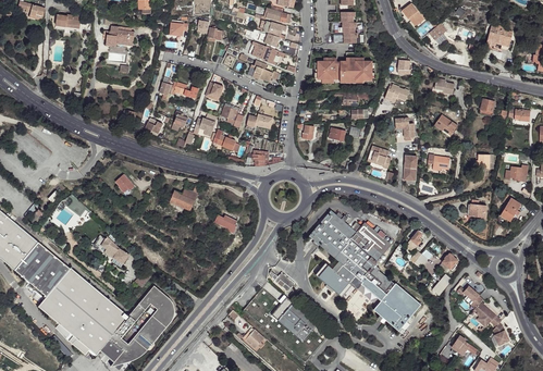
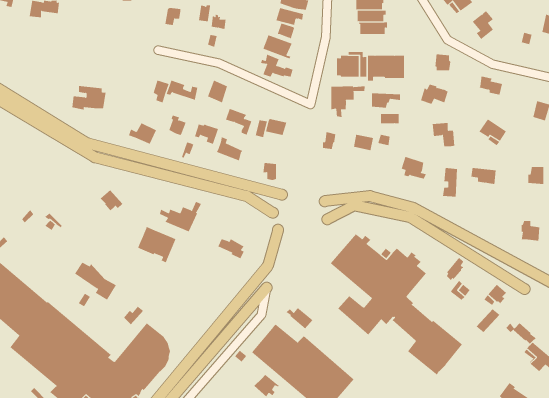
building: [106,26,135,47] -> [72,86,106,110]
building: none -> [331,85,365,118]
building: none -> [137,226,176,263]

